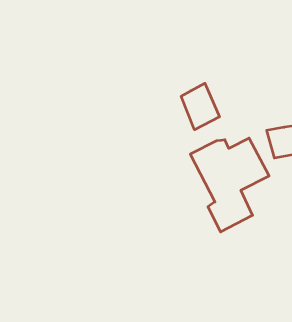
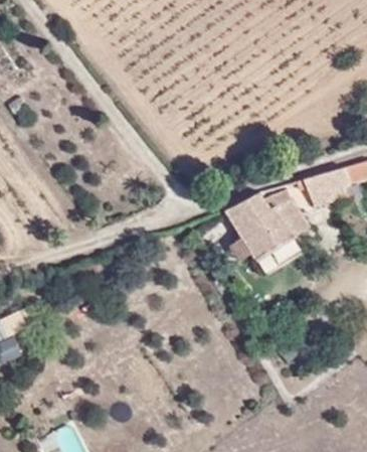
building: [181,83,219,130] -> none

